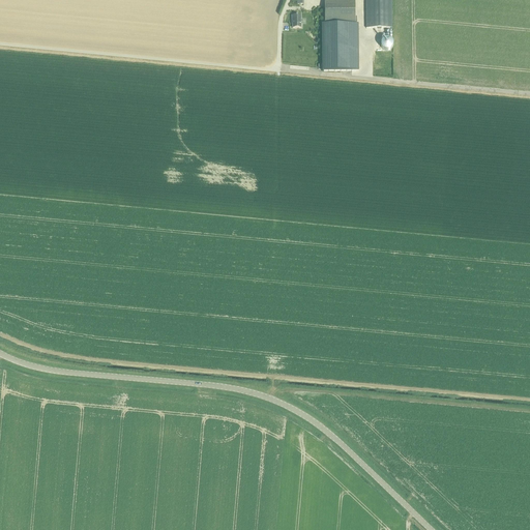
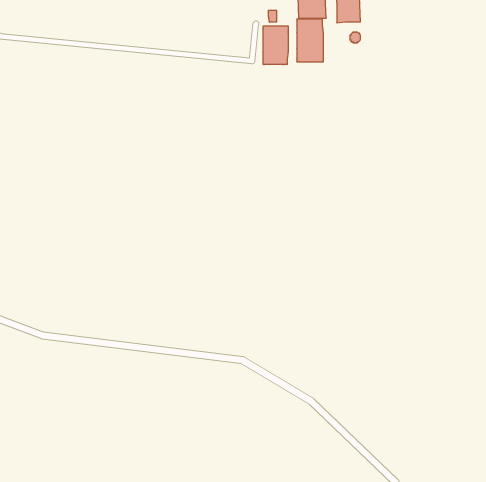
building: none -> [263,26,288,65]

